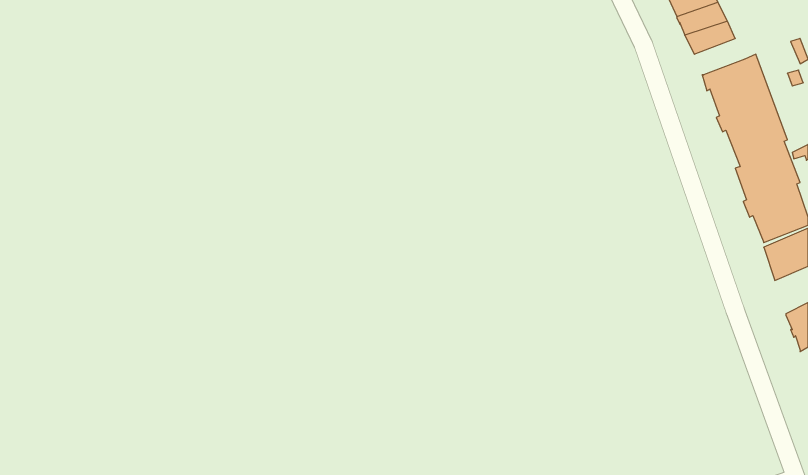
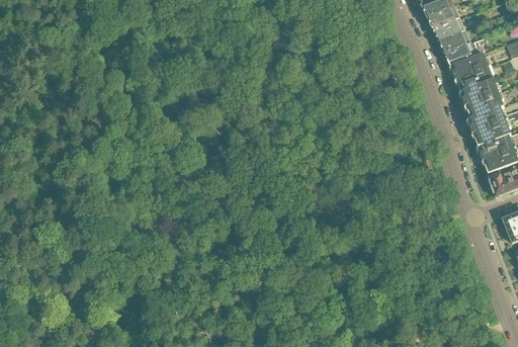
building: none -> [444,42,477,66]

